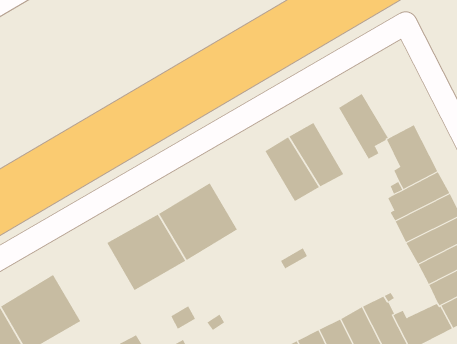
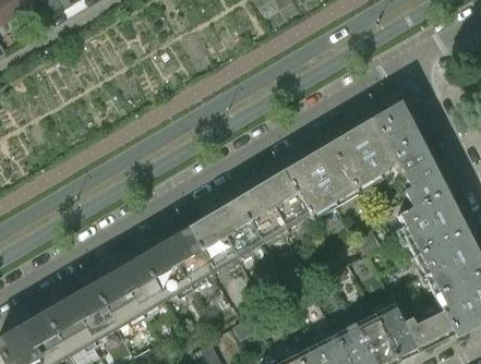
building: none -> [374,104,421,158]
building: none -> [330,131,380,191]
building: none -> [237,170,311,241]
building: none -> [95,253,168,324]

